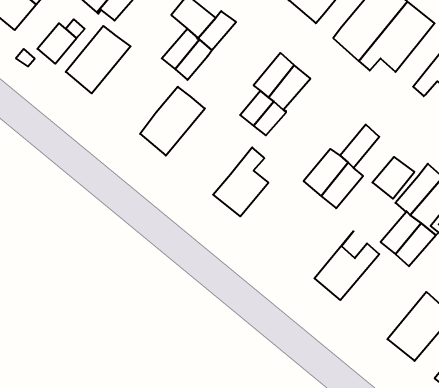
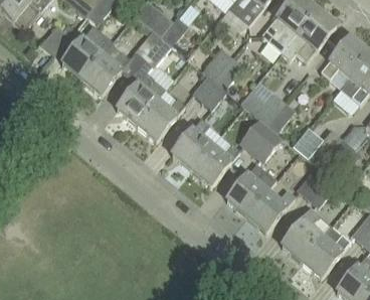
building: none -> [80,42,130,95]
building: none -> [239,80,285,124]
building: none -> [136,89,184,140]
building: none -> [191,144,239,185]
building: none -> [226,164,275,215]
building: none -> [282,209,330,261]

